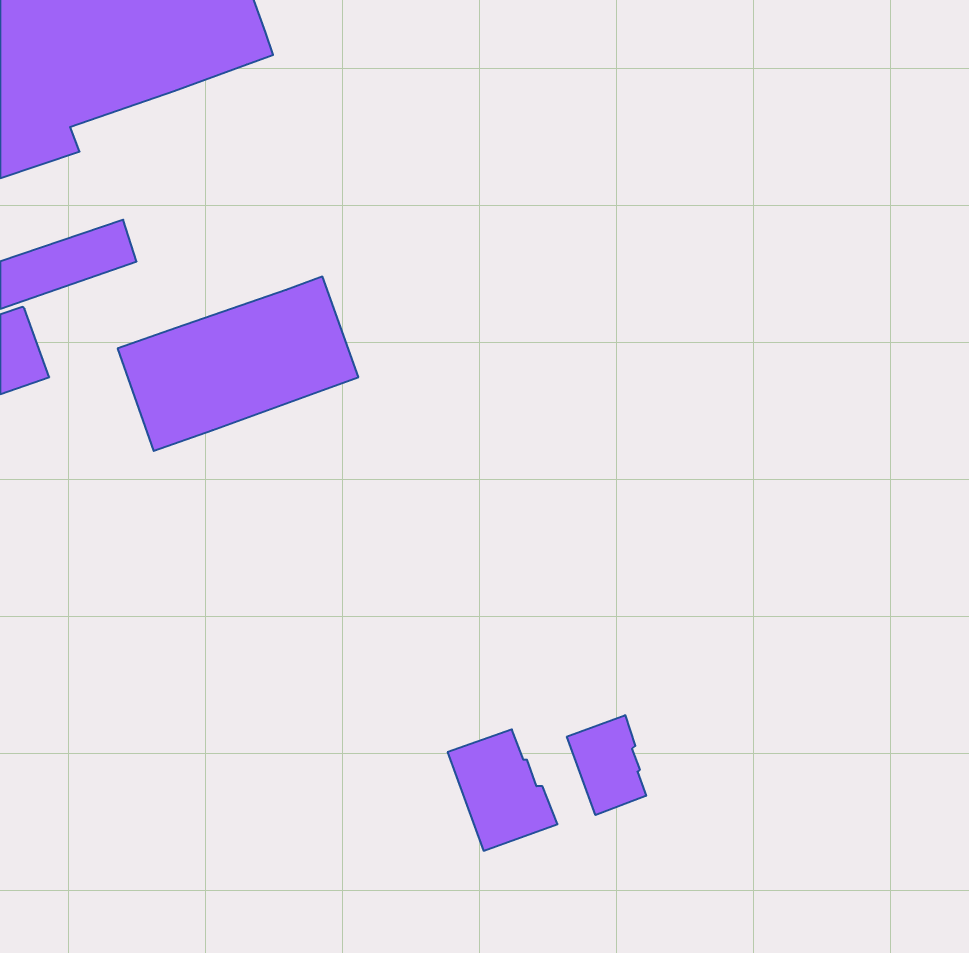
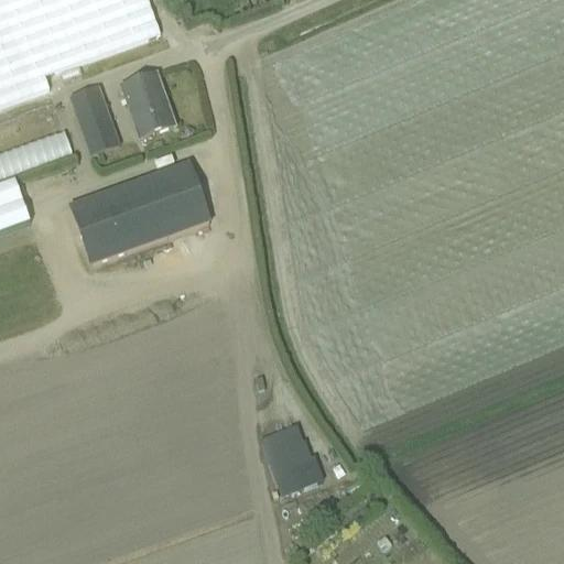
building: none -> [121,72,174,135]
building: none -> [67,86,118,154]
building: [567,715,646,815] -> none

